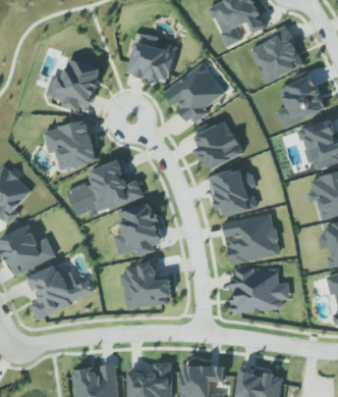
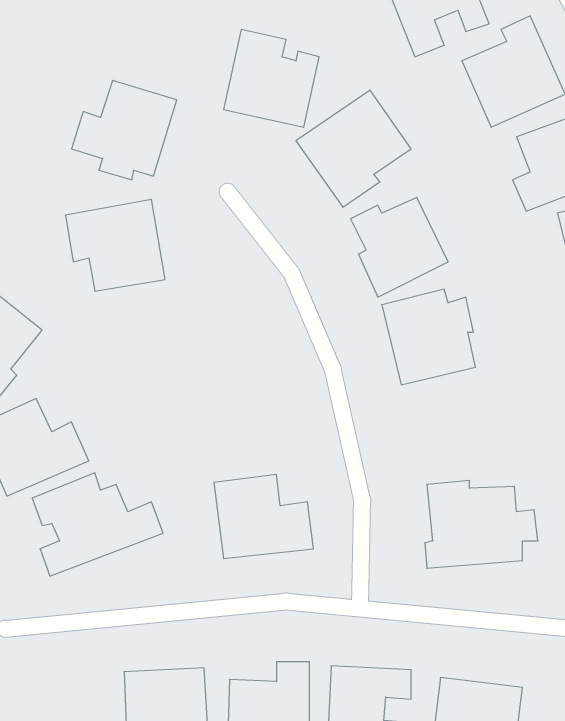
building: [66,159,144,215] -> none
building: [113,203,162,255] -> none
building: [222,213,280,263] -> none

